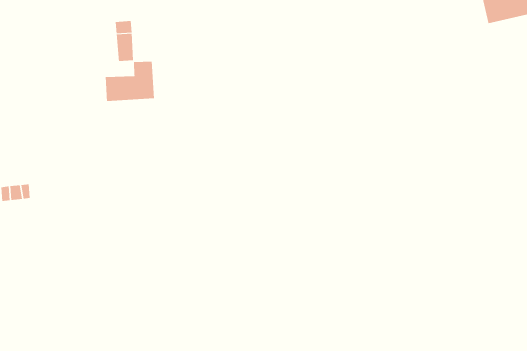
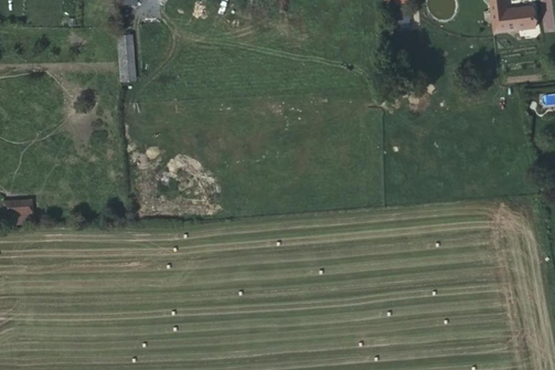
building: [105,61,155,102] -> none

